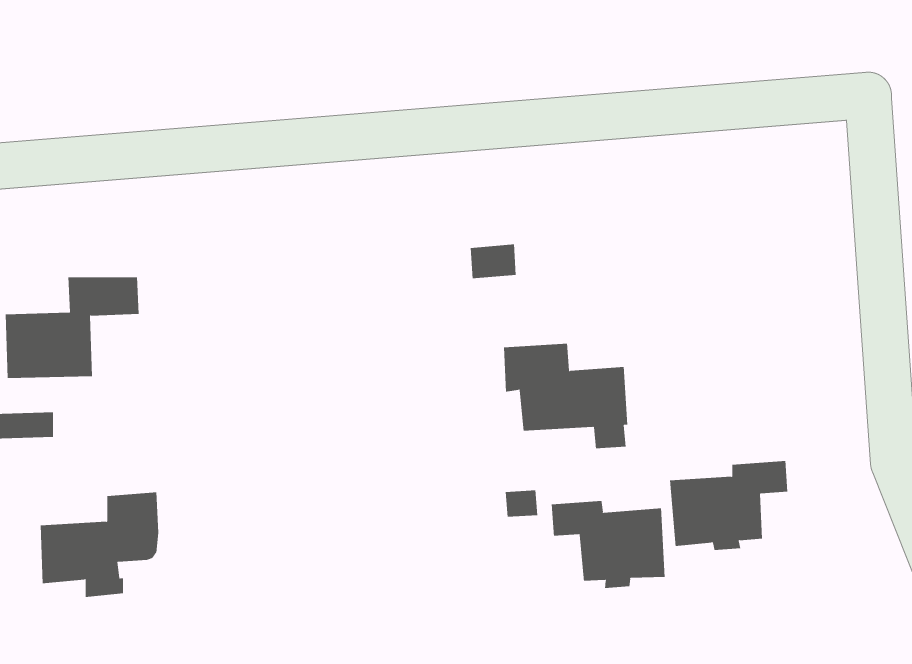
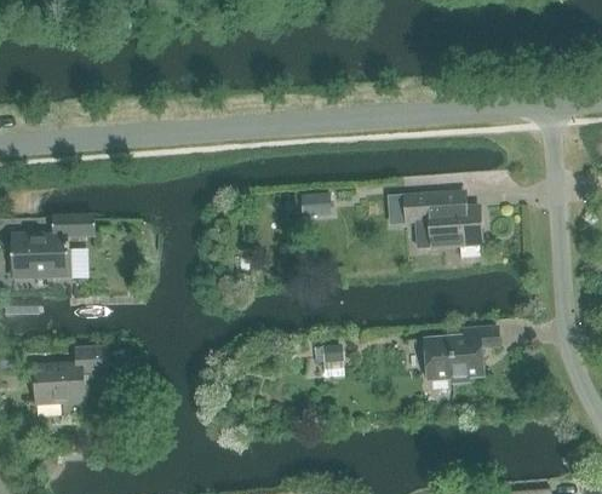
building: [503,343,628,449] -> [403,193,481,258]
building: [551,500,665,589] -> none

